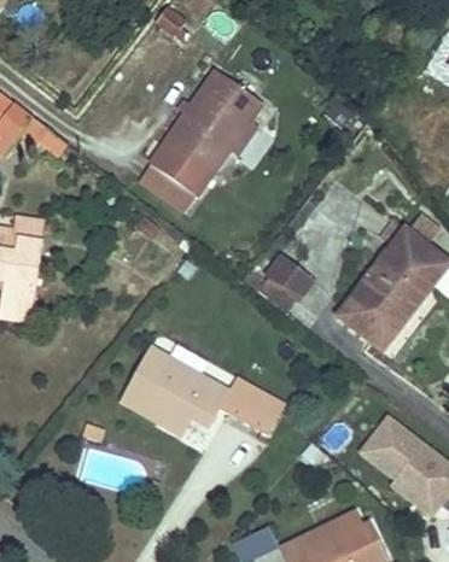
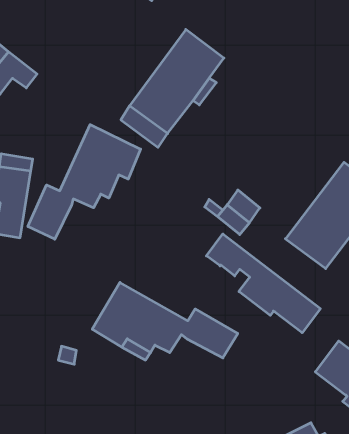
building: none -> [28,125,141,239]
building: none -> [206,234,320,333]

